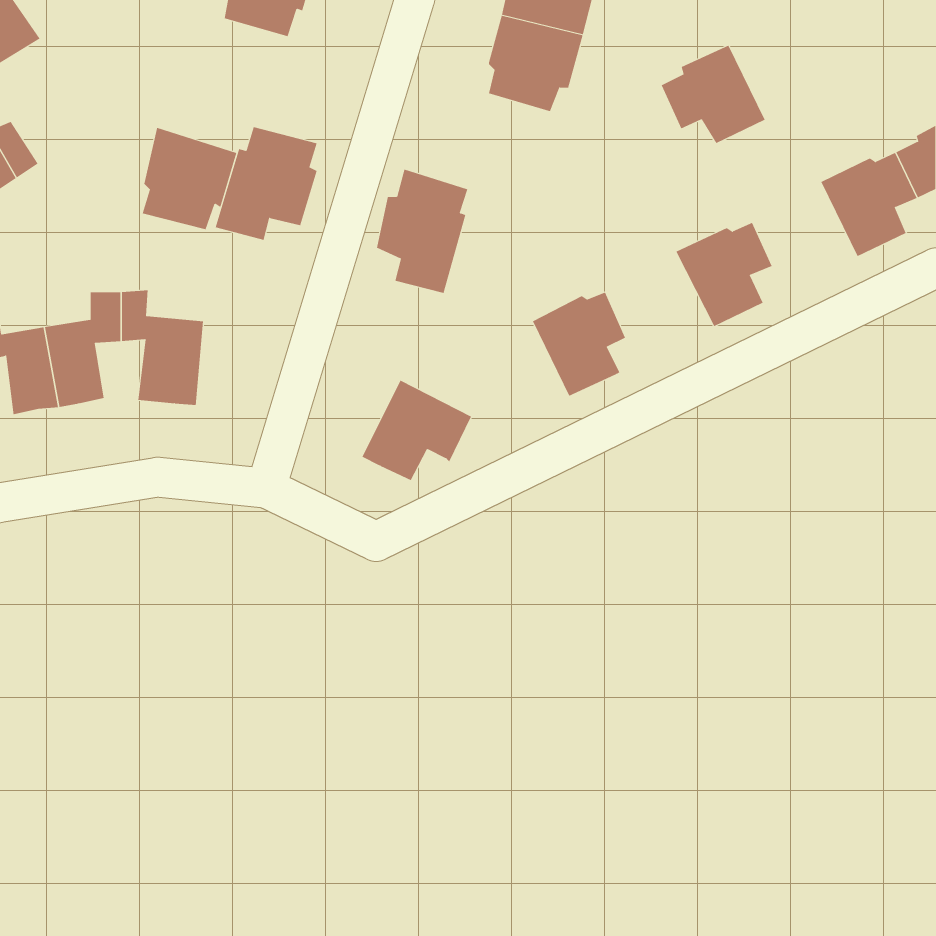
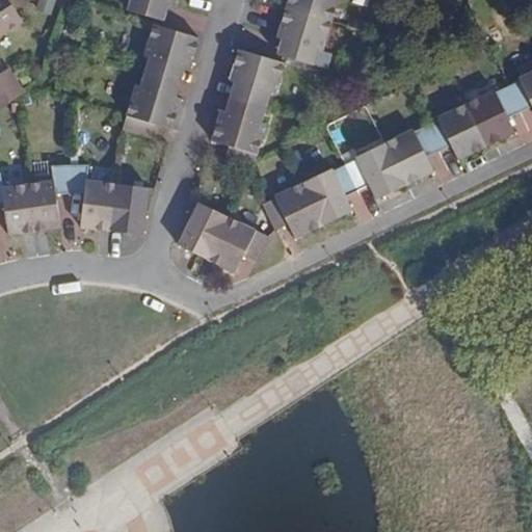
building: [661,45,765,144] -> [426,103,485,159]
building: none -> [229,49,283,107]
building: [142,127,237,230] -> [143,23,197,81]
building: none -> [343,142,404,197]
building: none -> [111,182,145,232]
building: none -> [262,182,322,238]
building: none -> [178,202,227,259]

